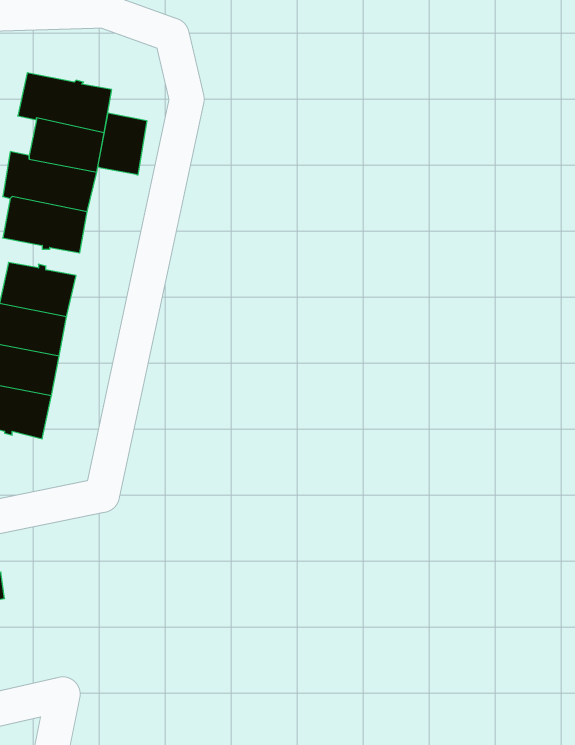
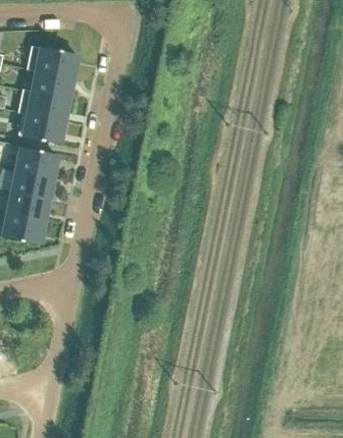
building: [98,113,147,175] -> none

